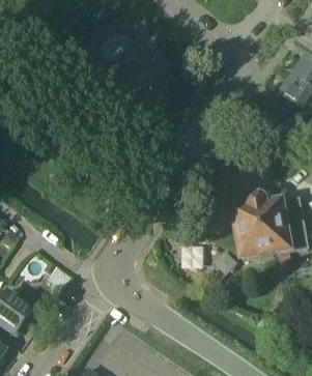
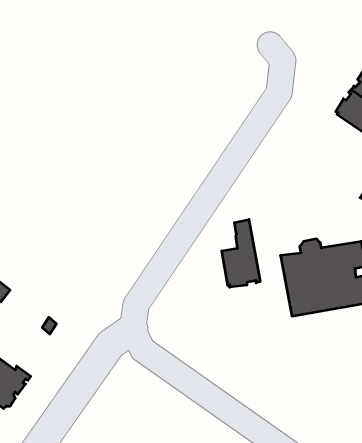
building: none -> [222,219,260,287]

